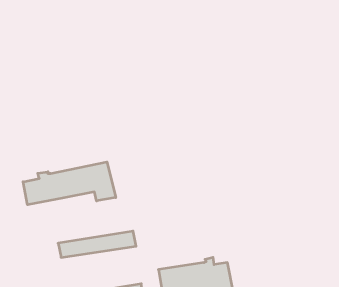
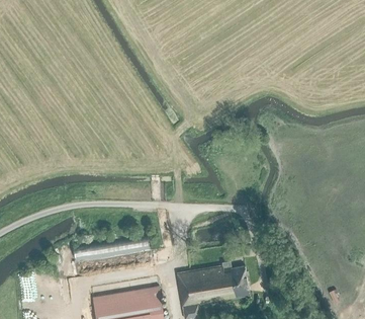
building: [23,162,116,205] -> none

